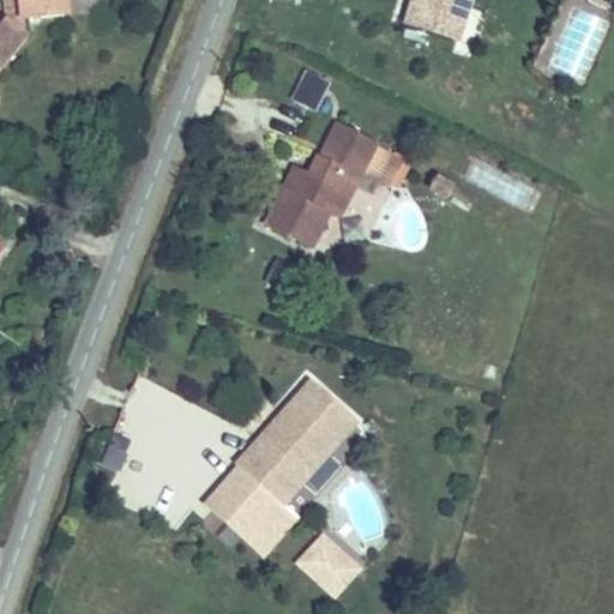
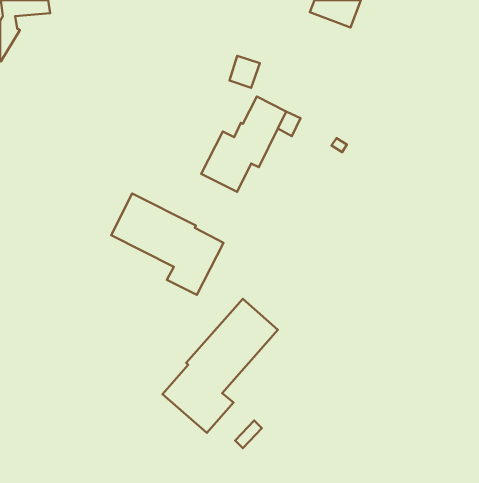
building: none -> [111,193,223,295]
building: [313,543,361,591] -> none

